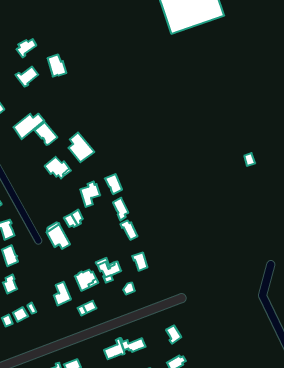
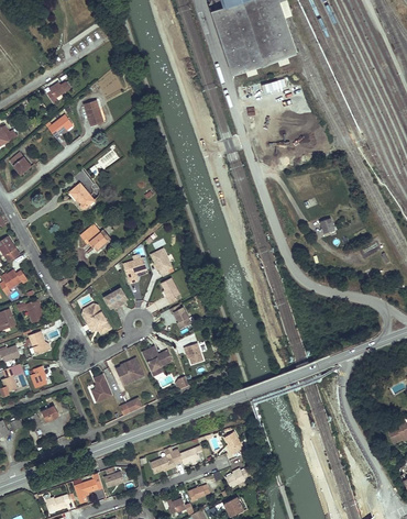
building: [13,114,44,139] -> none
building: [68,132,94,162] -> none

